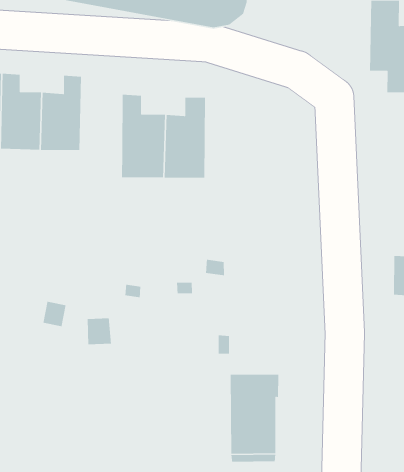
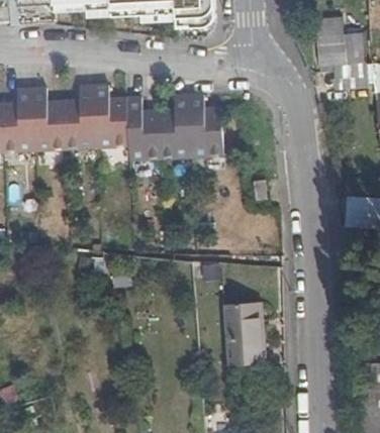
building: none -> [96,83,130,140]
building: none -> [191,92,225,154]

